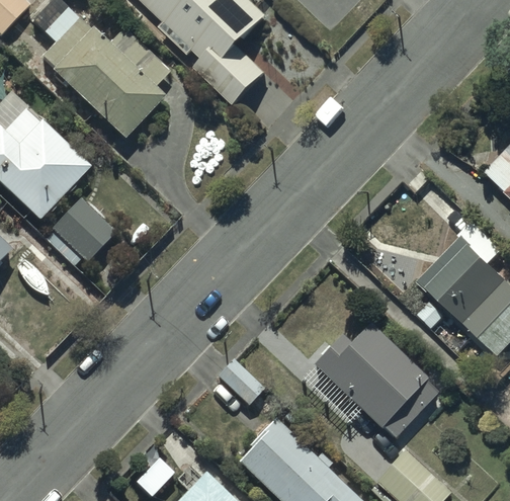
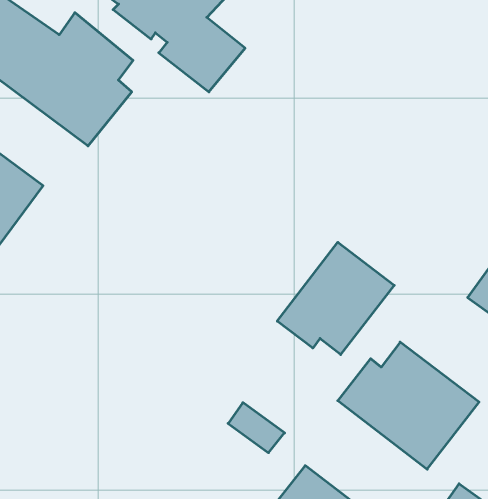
building: [49,195,114,261] -> none
building: none -> [277,242,394,355]

